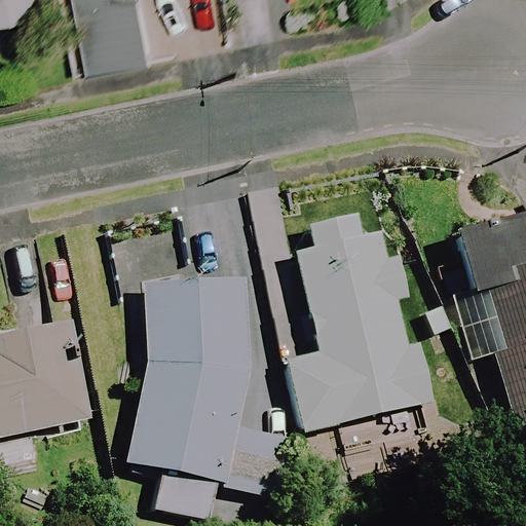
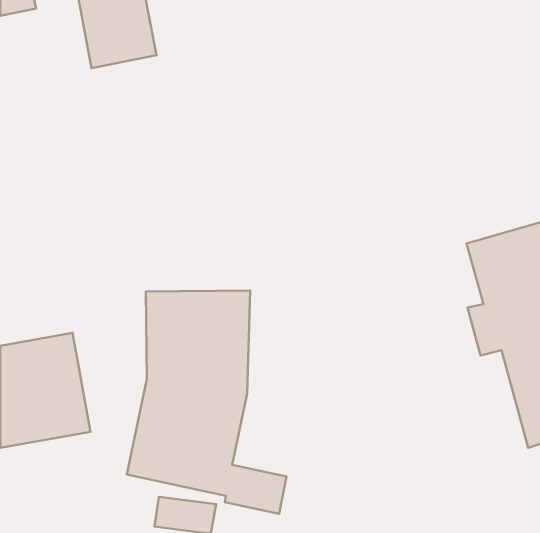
building: [286,206,429,429] -> none

